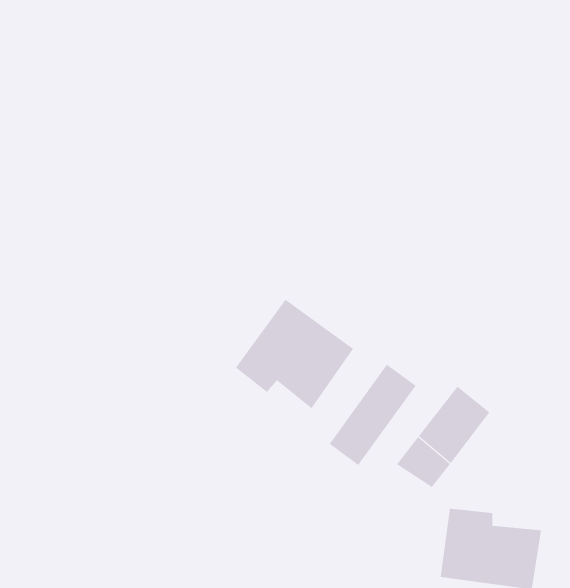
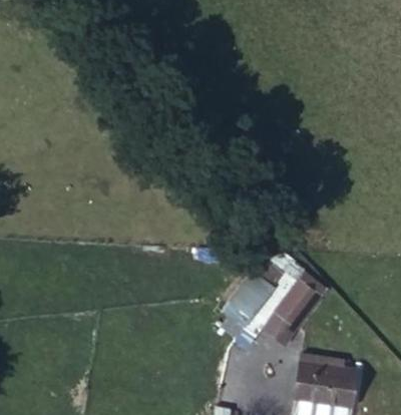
building: [235,299,354,409] -> none

